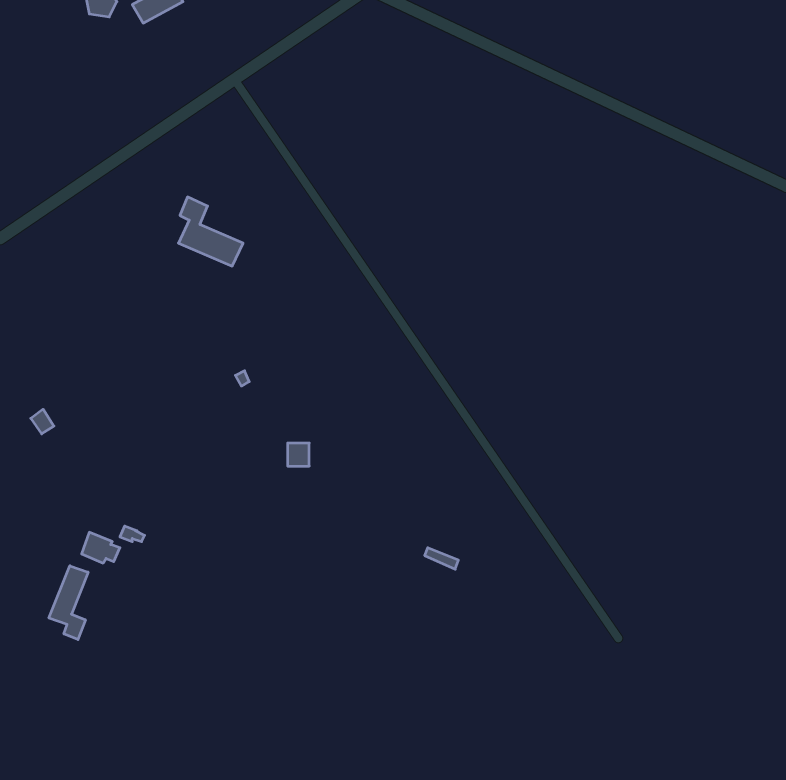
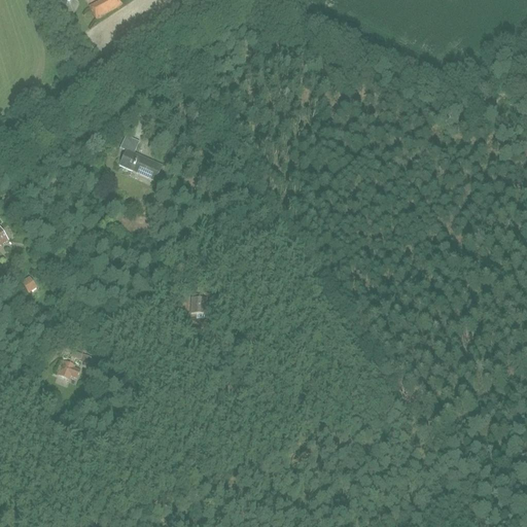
building: [49,566,88,640] -> none

